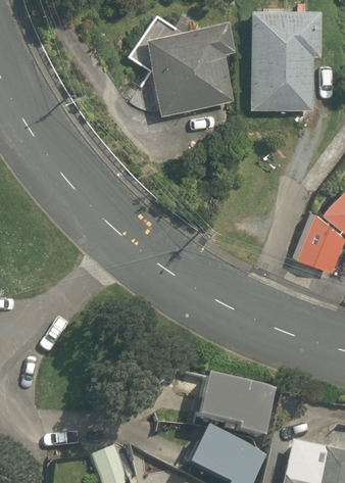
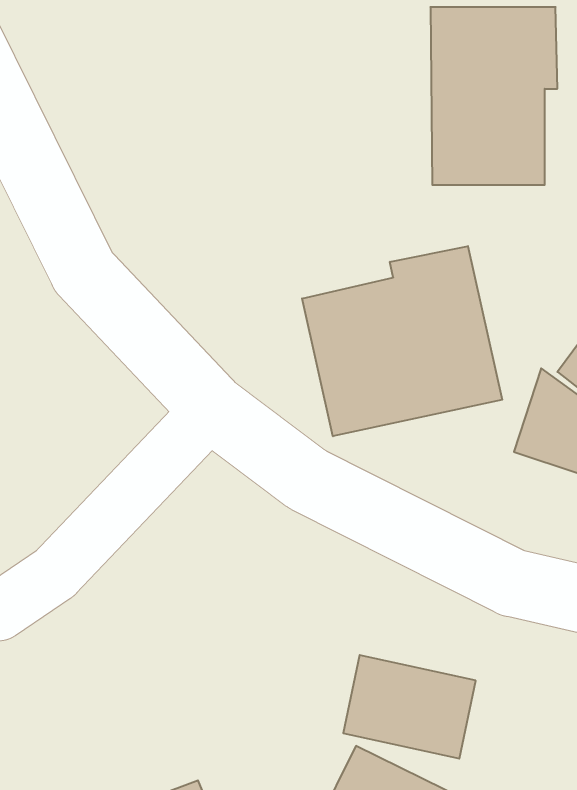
building: [144,19,237,116] -> none
building: none -> [302,246,502,436]

